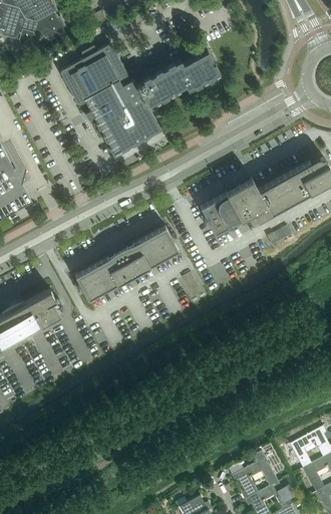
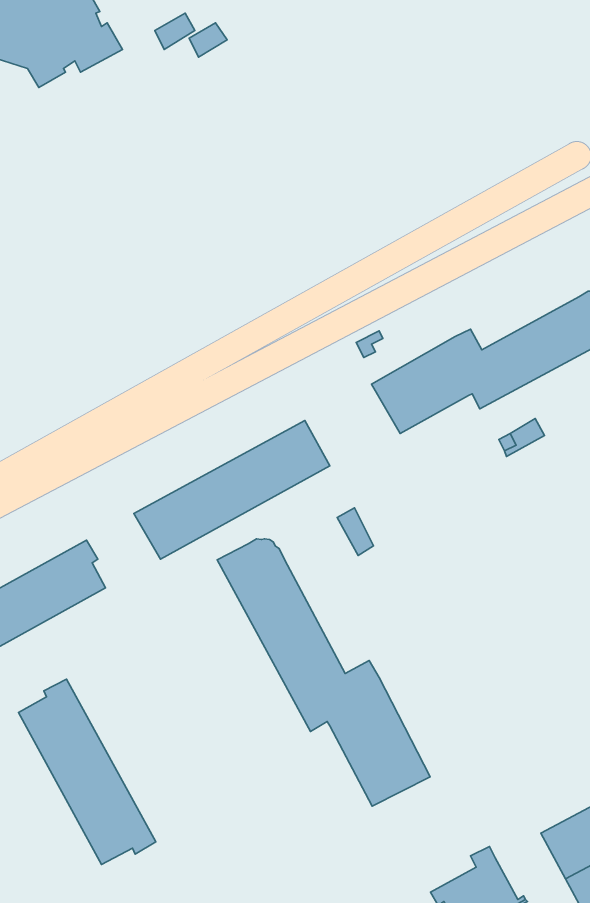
building: [60,45,220,156] -> none
building: none -> [217,539,430,806]
building: none -> [18,679,156,865]

